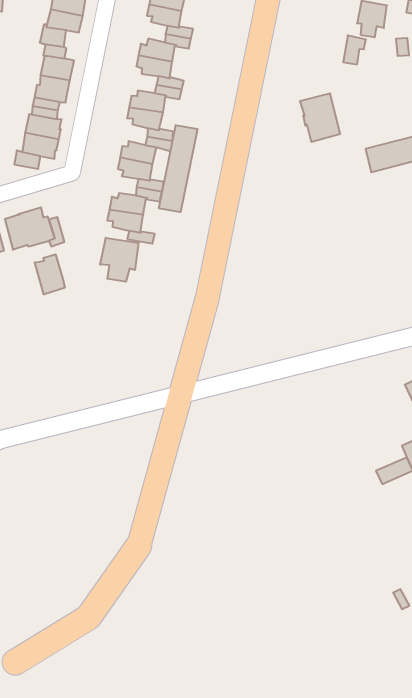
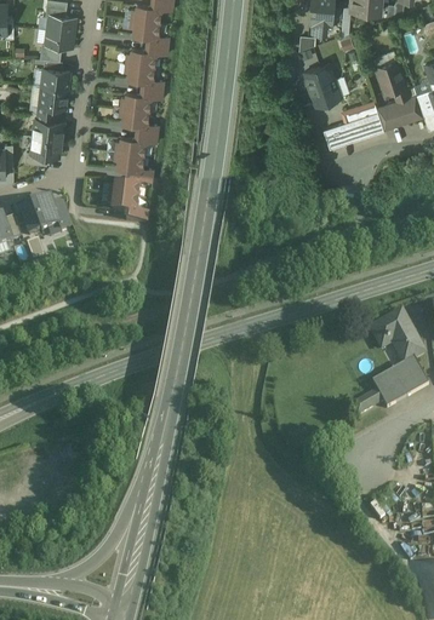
building: [300,93,340,142] -> [304,63,341,105]
building: [159,125,197,212] -> none
building: [100,238,139,282] -> none
building: [35,254,65,294] -> none

